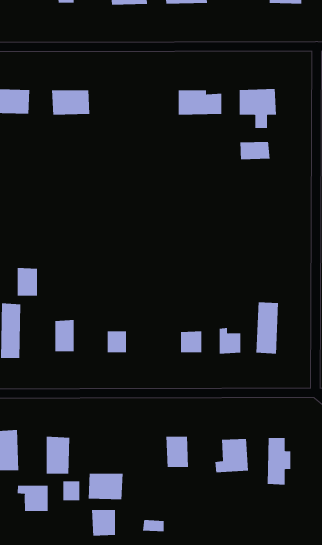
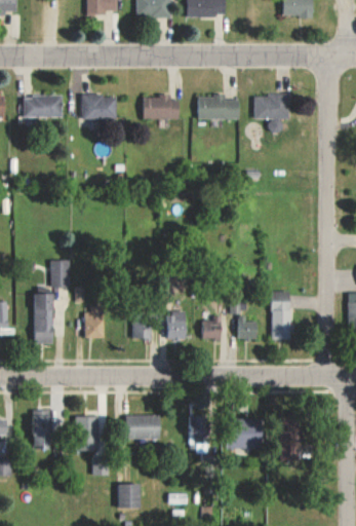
building: none -> [144,96,180,119]
building: [240,141,270,160] -> none
building: none -> [165,312,186,340]
building: [88,473,123,500] -> [127,415,160,440]
building: [17,485,48,512] -> none

